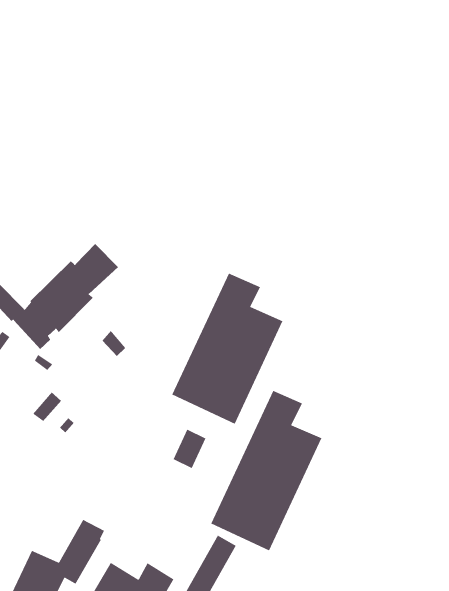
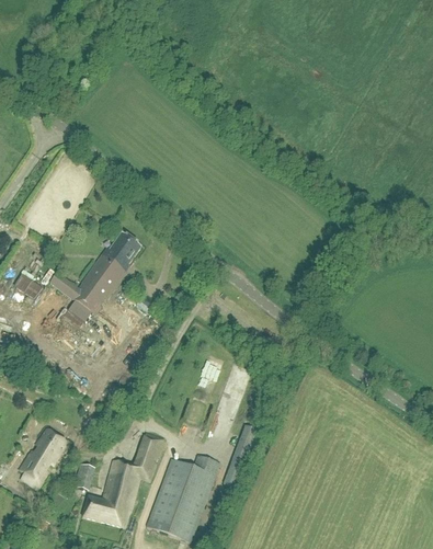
building: [171,273,284,425] -> none
building: [210,390,322,551] -> none

